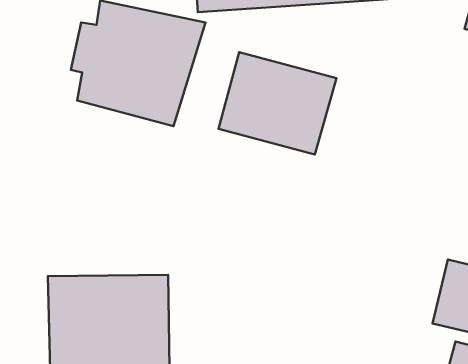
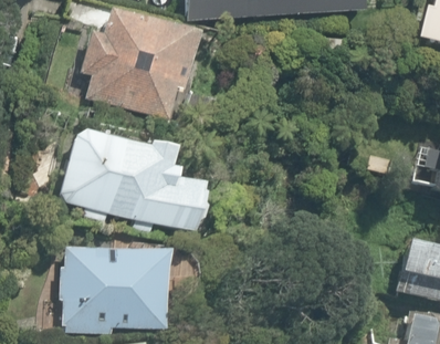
building: [219,52,336,154] -> none
building: none -> [61,128,200,232]

